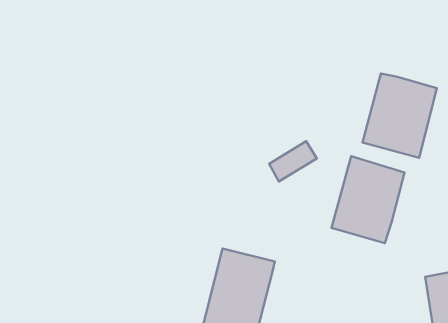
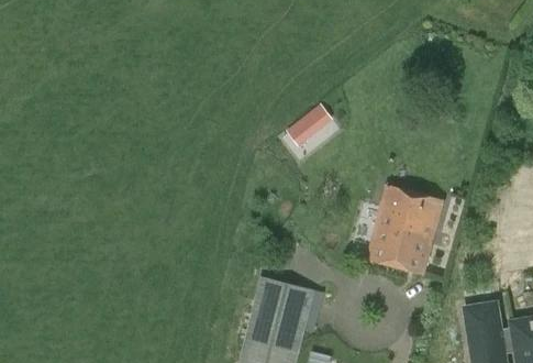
building: [362,73,437,158] -> none
building: [269,141,317,181] -> [286,103,334,144]

